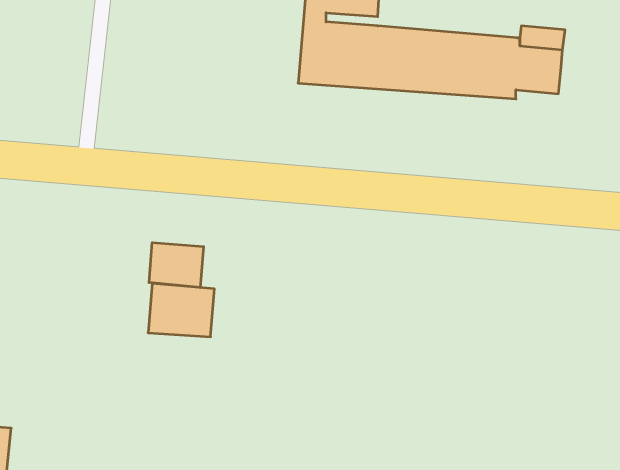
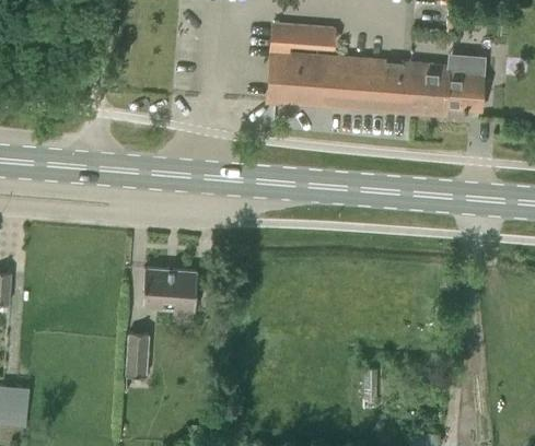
building: [149,243,204,288] -> none
building: none -> [127,331,149,374]

